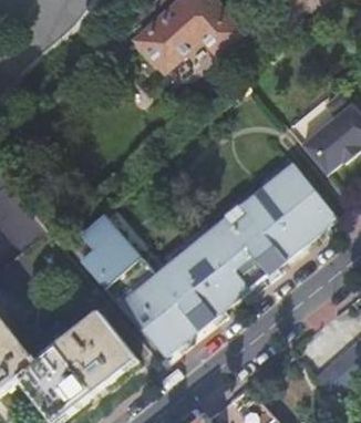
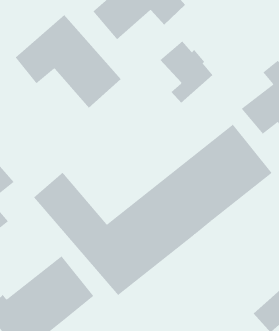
building: none -> [15,14,121,108]
building: none -> [159,41,213,104]

